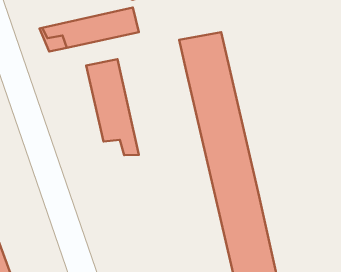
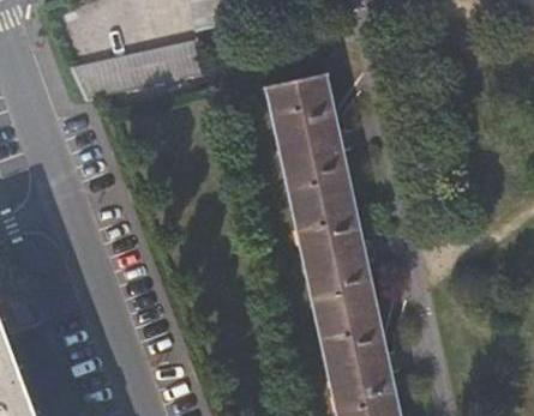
building: [86,59,139,155] -> none

